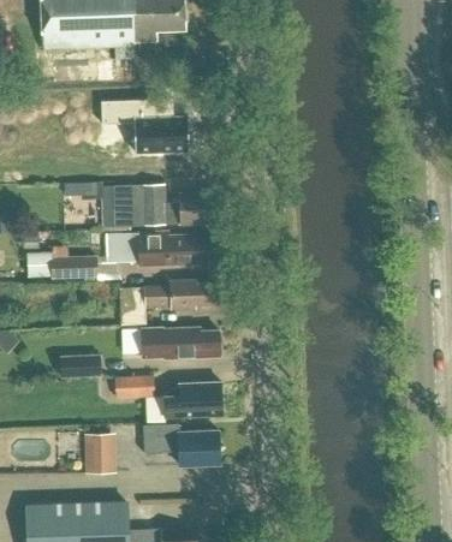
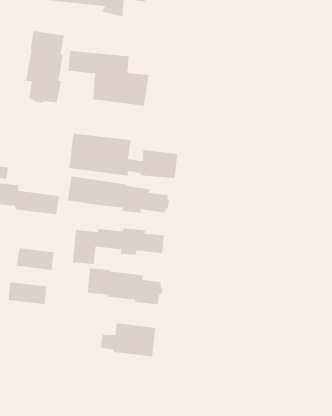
building: none -> [25,30,65,103]
building: [113,376,153,398] -> [16,248,54,271]
building: [142,423,219,466] -> none
building: [84,434,115,473] -> none

